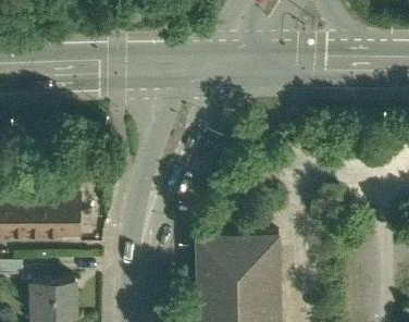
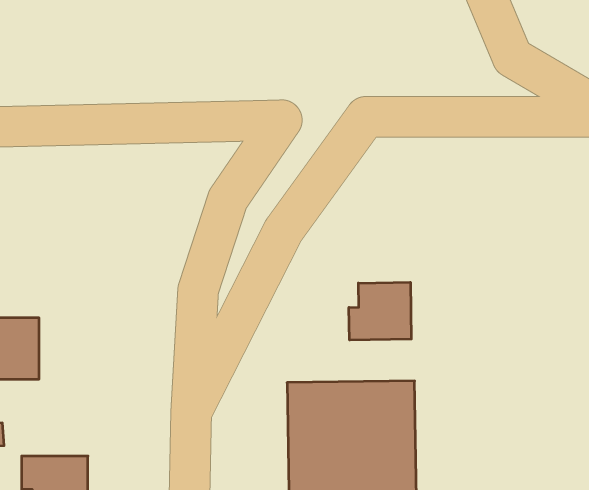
building: none -> [349,282,411,340]
building: [44,200,79,238] -> none

